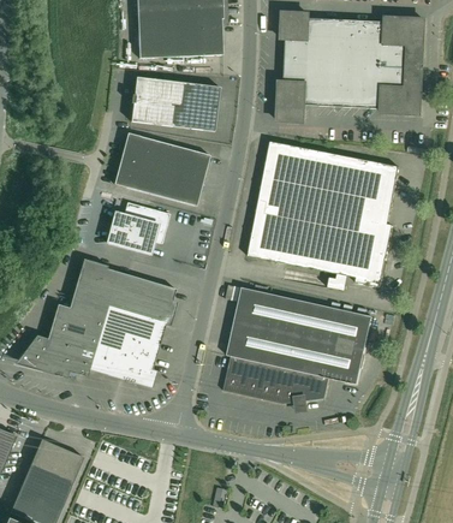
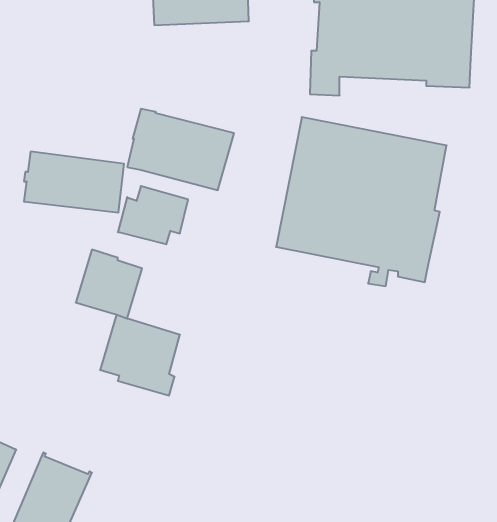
building: [130,76,219,130] -> [24,152,124,212]
building: [114,274,177,333] -> none
building: [222,286,371,405] -> none
building: [19,303,105,375] -> none

